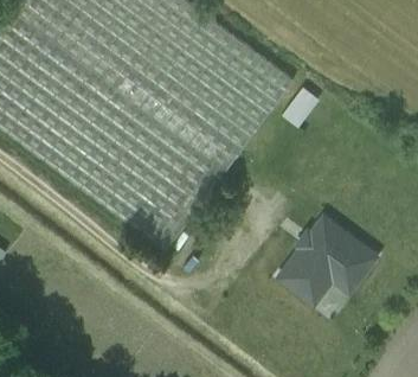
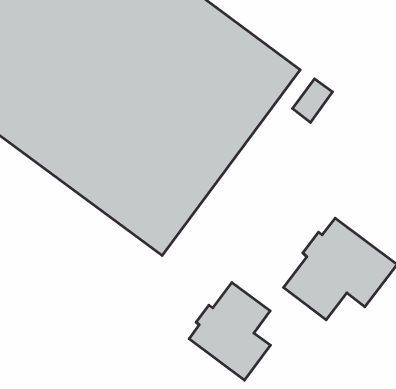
building: none -> [189,283,270,380]

